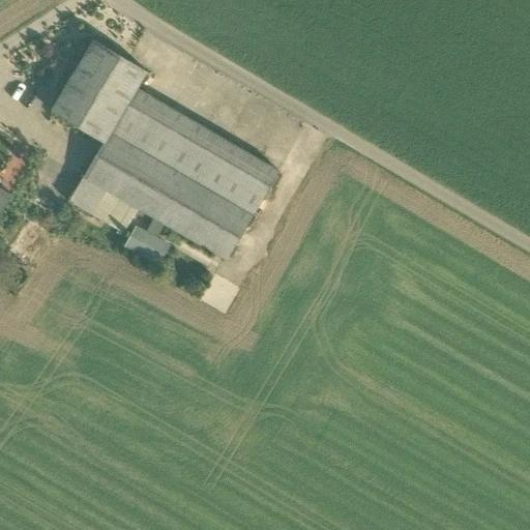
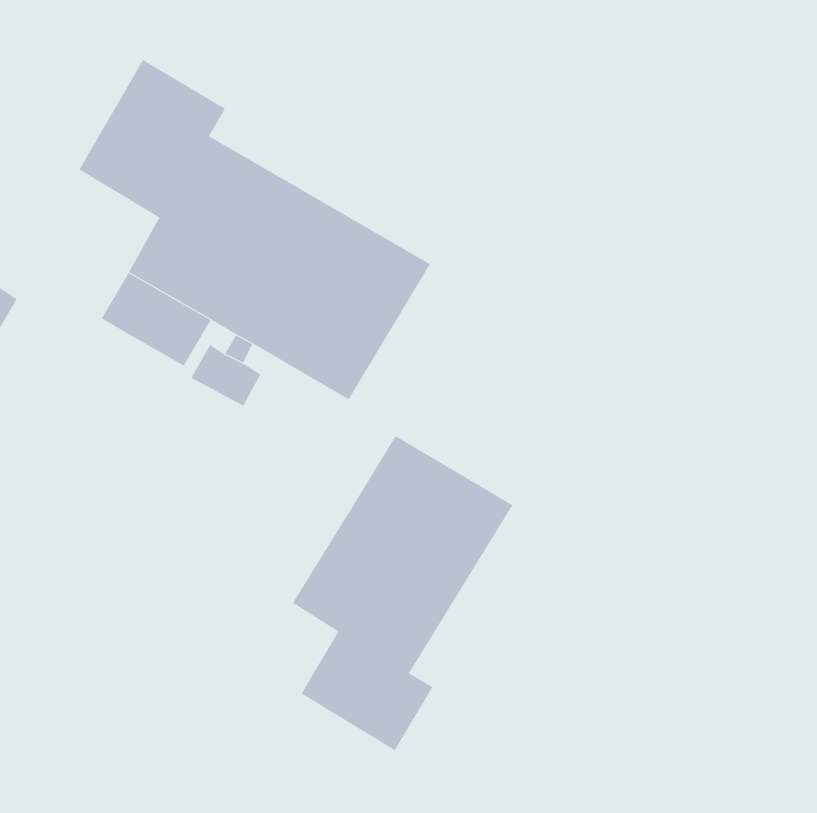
building: none -> [292,435,513,751]

